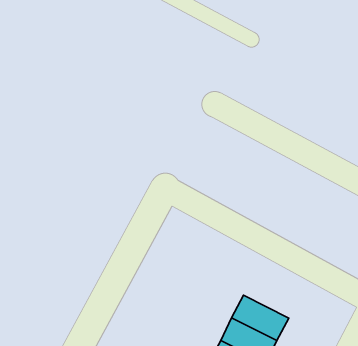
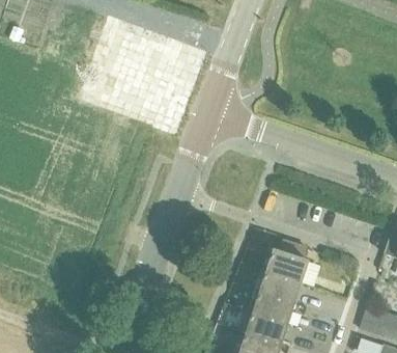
building: none -> [261,247,309,282]

